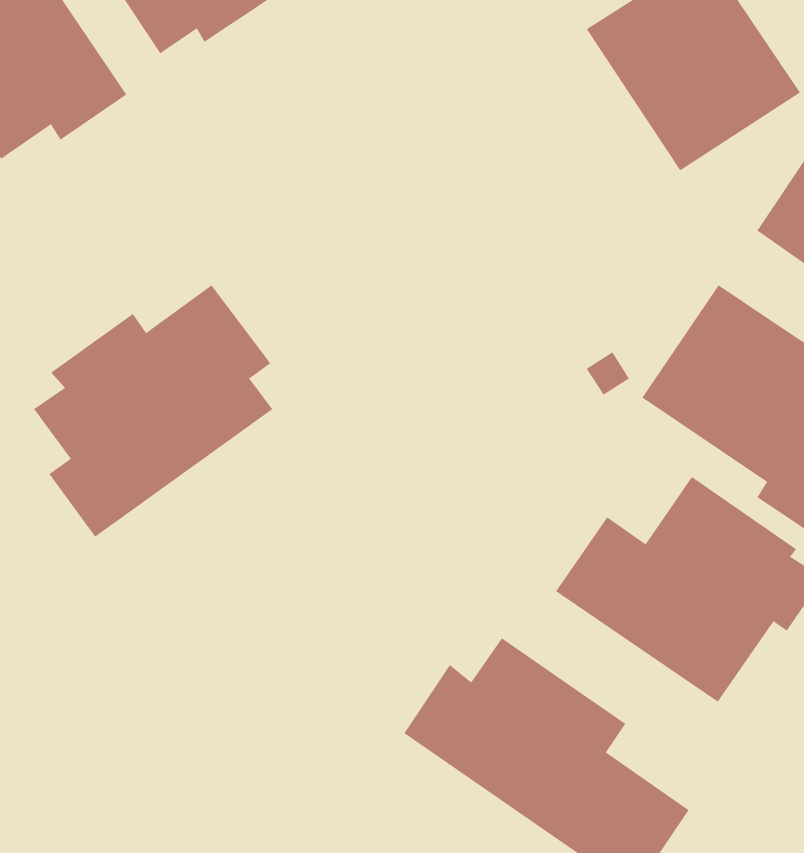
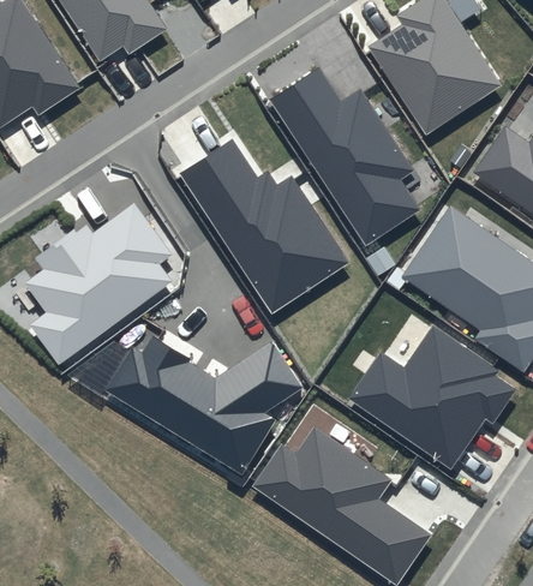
building: none -> [270,66,421,245]
building: none -> [180,138,349,312]
building: none -> [103,337,300,477]

